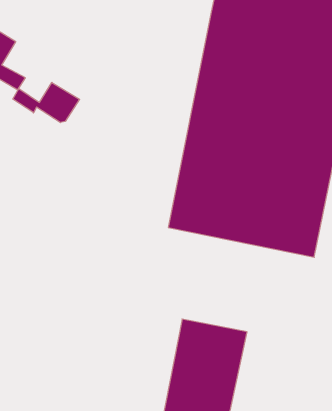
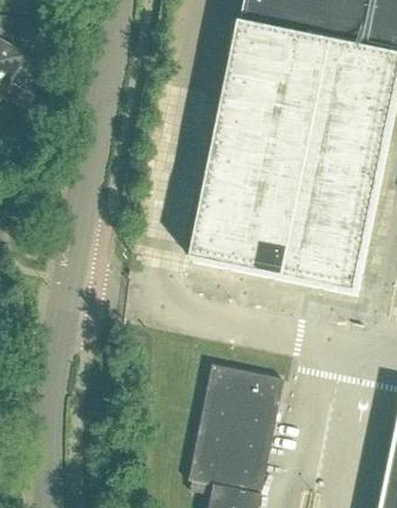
building: [13,82,80,123] -> none

